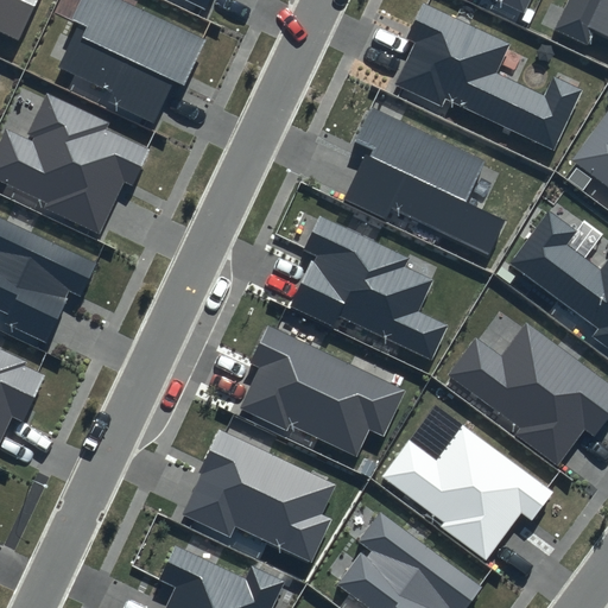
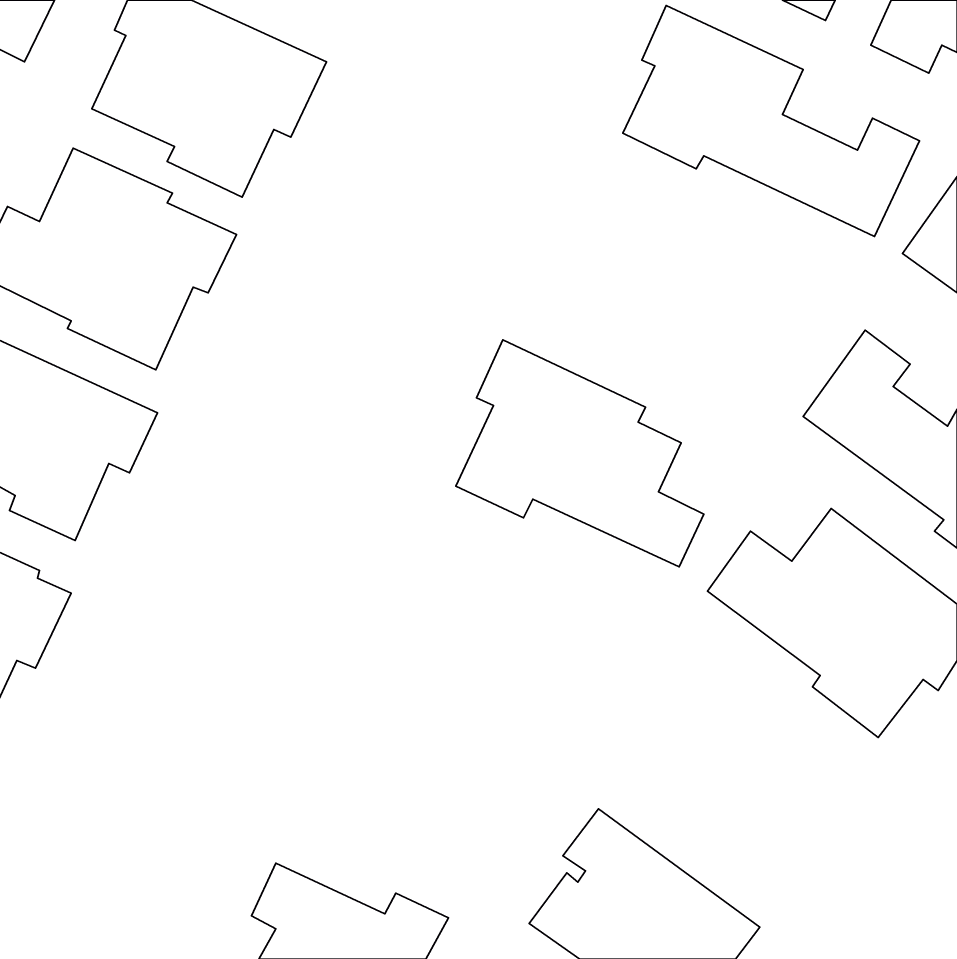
building: [341,107,504,254] -> none
building: [239,325,405,456] -> none
building: [380,426,551,560] -> none
building: [182,429,335,562] -> none

